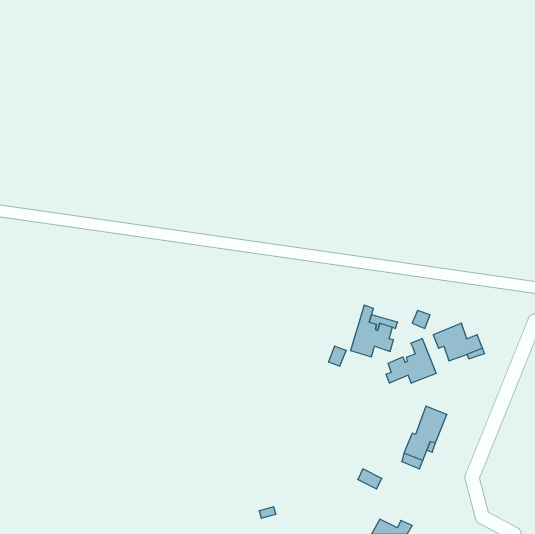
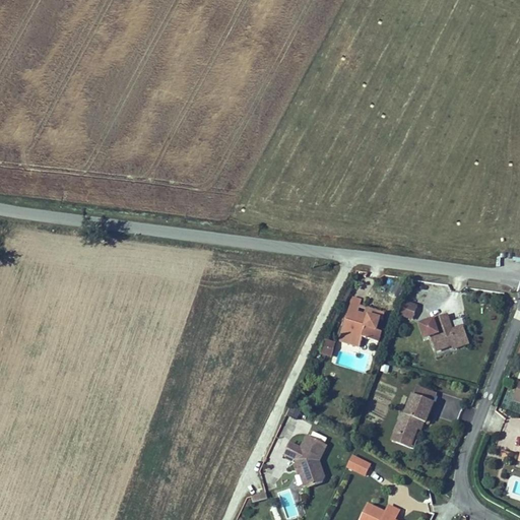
building: [386,338,436,383] -> none
building: none -> [283,435,326,485]

